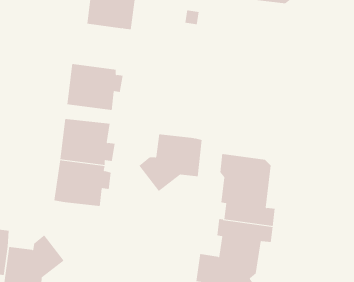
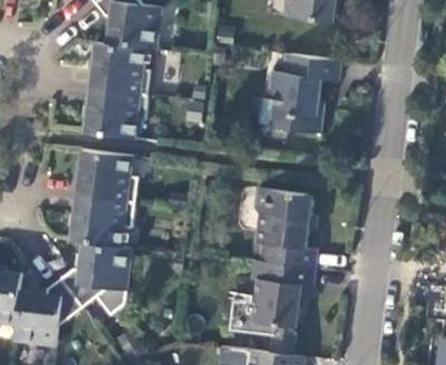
building: none -> [90,42,151,95]
building: none -> [268,53,338,134]
building: [138,134,202,192] -> [60,243,131,307]

